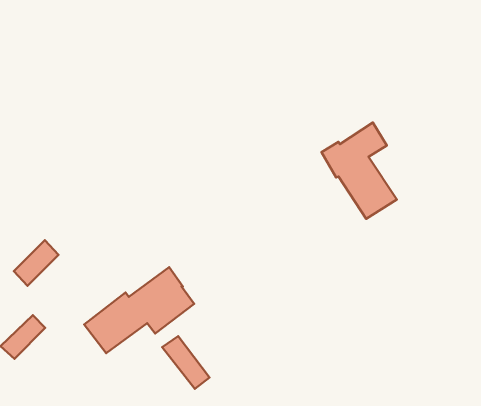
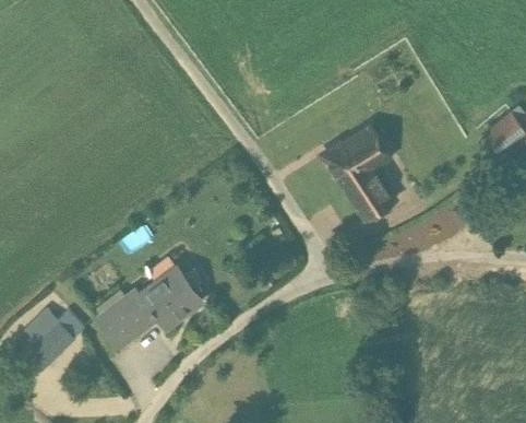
building: [14,240,59,286] -> [29,322,72,366]
building: [162,336,210,389] -> none

